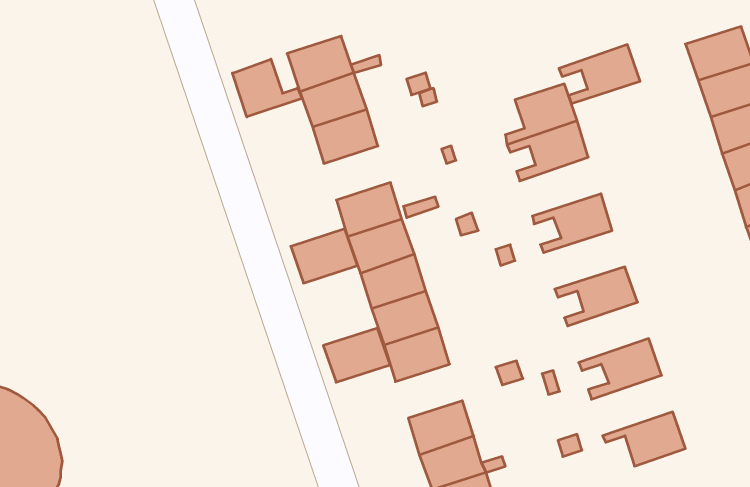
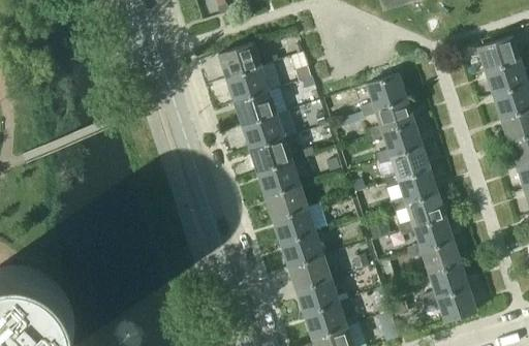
building: [559,45,640,104] -> [369,121,422,159]
building: [232,59,302,117] -> none
building: [291,229,358,283] -> [242,114,285,149]
building: none -> [384,168,437,207]
building: none -> [400,215,453,254]
building: [323,328,390,382] -> [288,255,332,290]
building: none -> [415,262,468,302]

